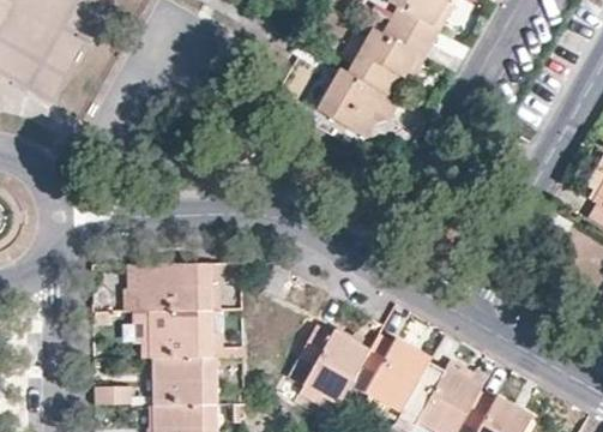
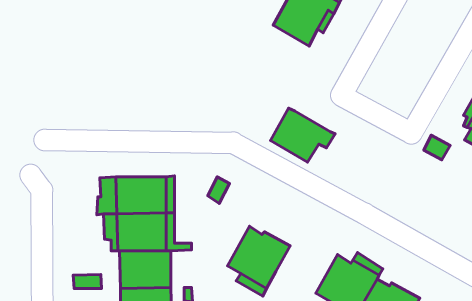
building: [316,67,398,136] -> [271,108,335,162]
building: [350,334,429,410] -> none

